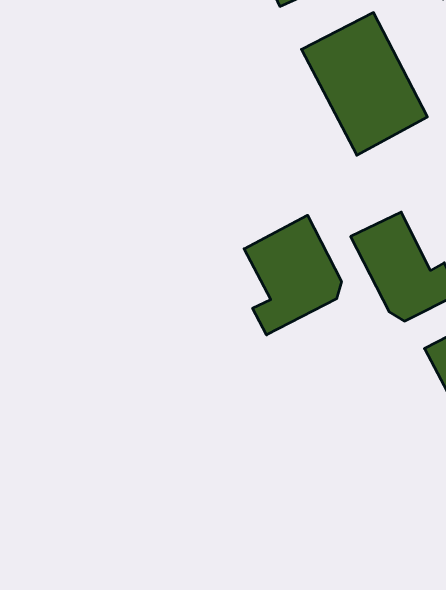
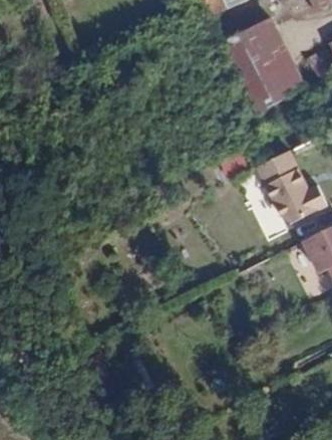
building: [244,215,341,335] -> none

